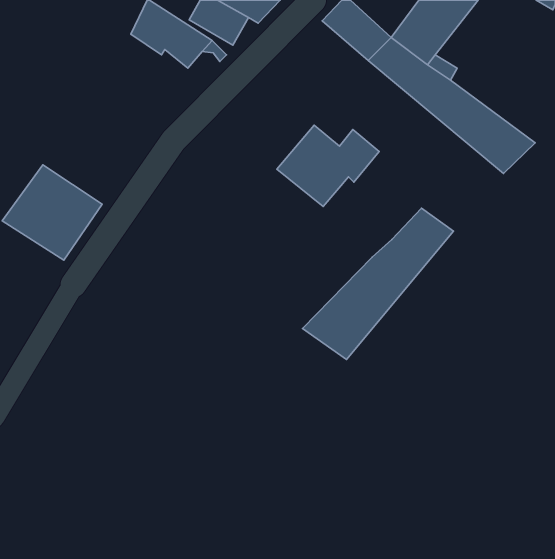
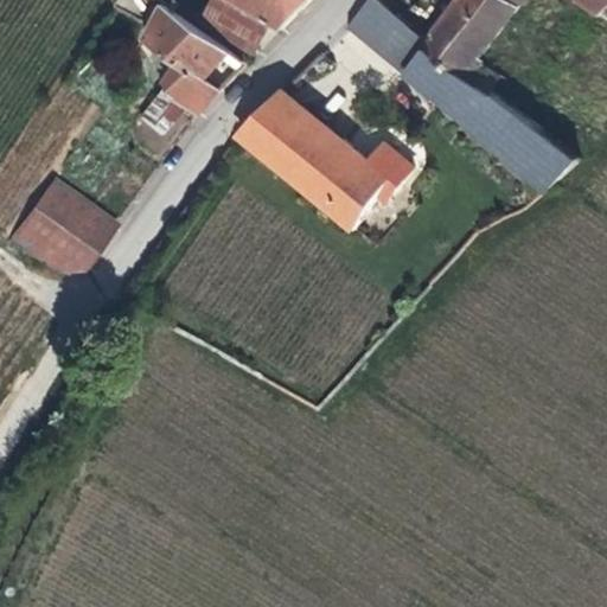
building: none -> [134,56,216,133]
building: none -> [238,87,339,185]
building: [303,208,453,359] -> none

